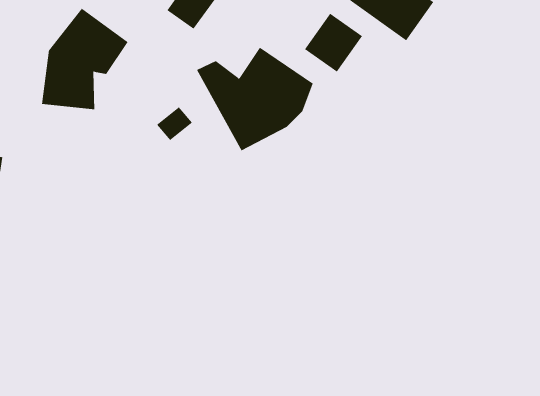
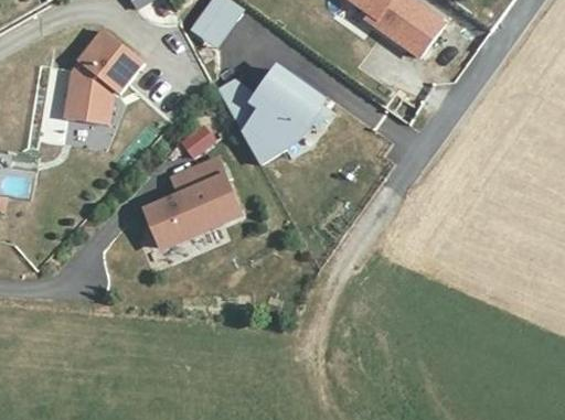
building: [304,13,363,73] -> none
building: none -> [140,152,244,251]

